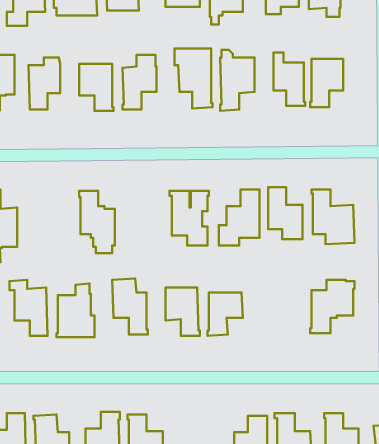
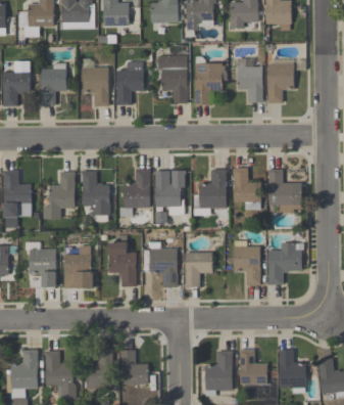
building: none -> [119,168,150,215]
building: none -> [43,171,75,218]
building: none -> [233,239,260,284]

